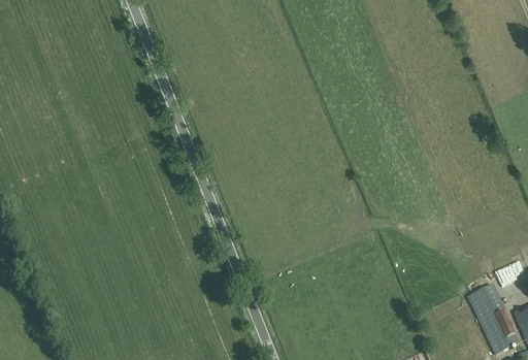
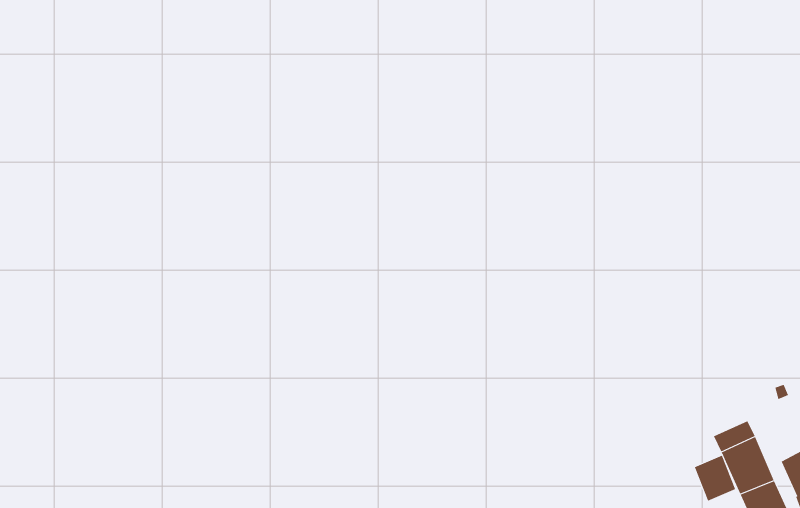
building: none -> [694,455,736,501]

